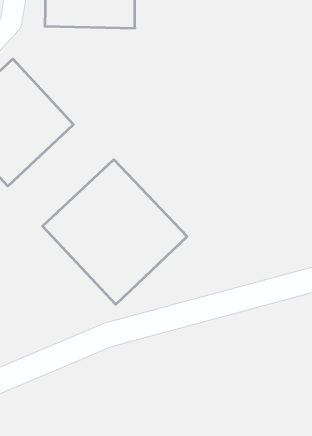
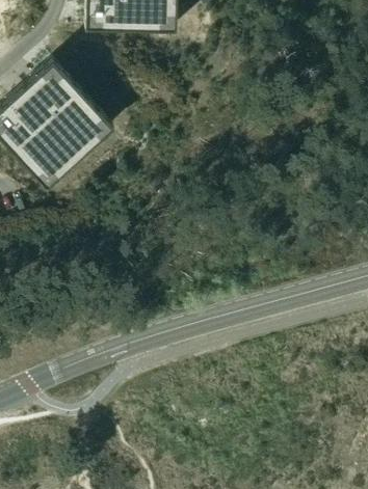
building: [43,160,187,304] -> none

